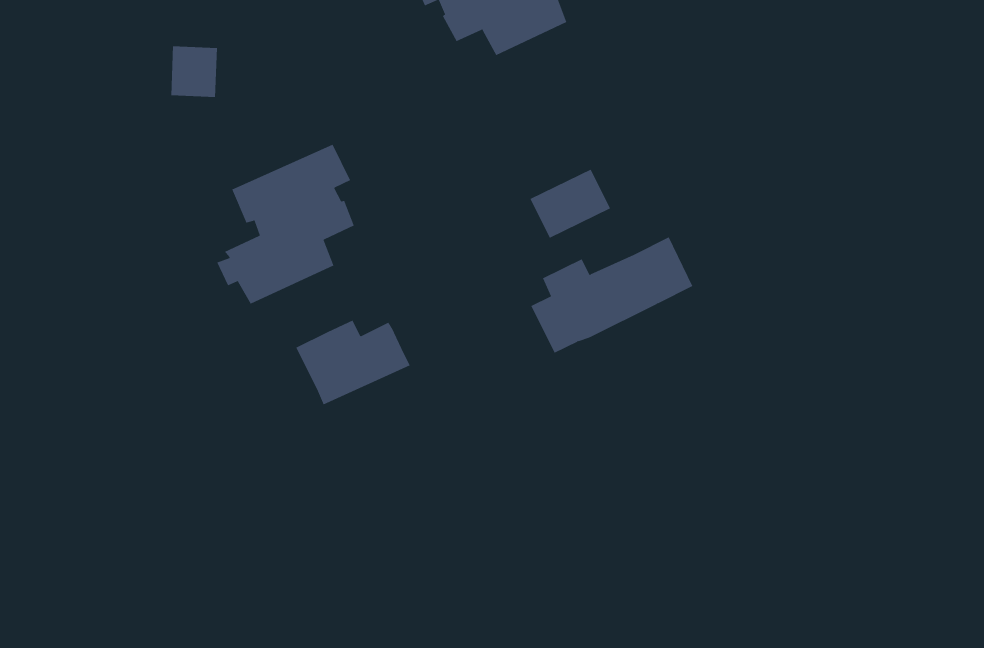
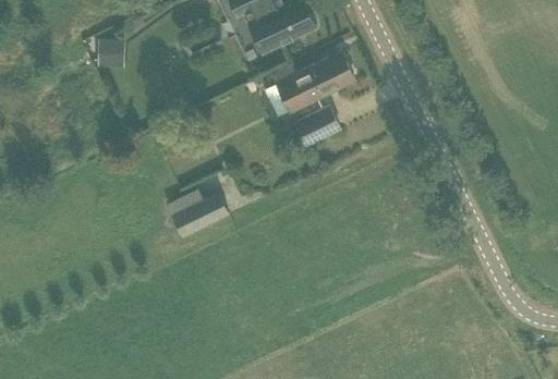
building: [216,144,354,304] -> none
building: [530,237,693,354] -> [263,53,352,118]

